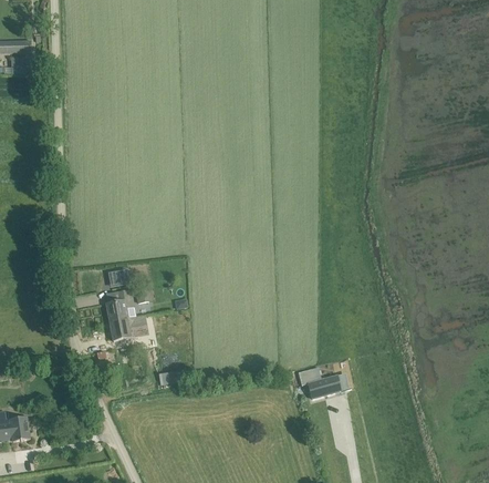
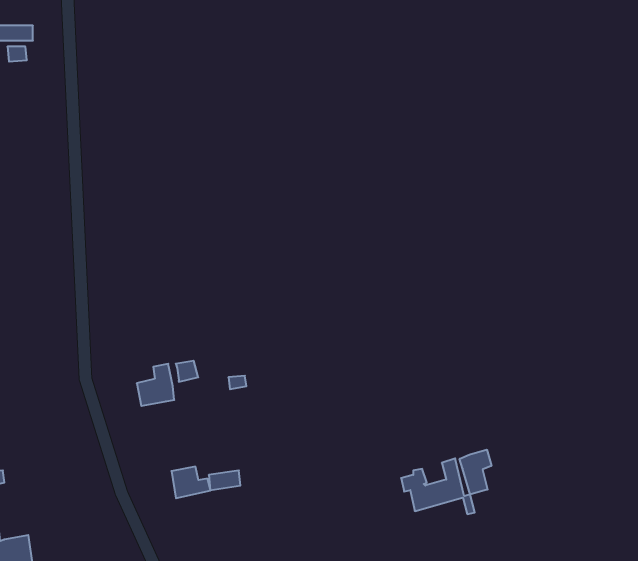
building: [108,318,137,341] -> [171,467,210,498]
building: none -> [460,450,491,495]

